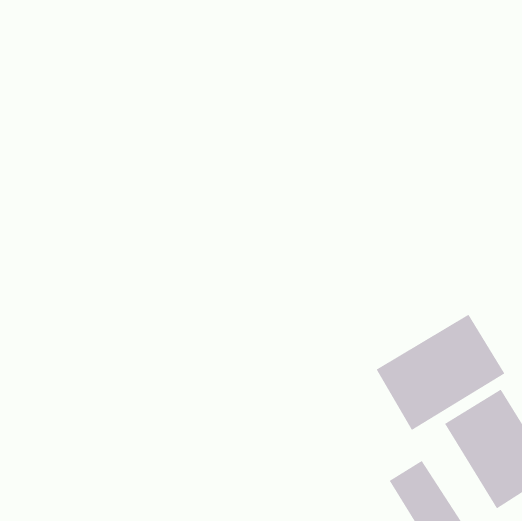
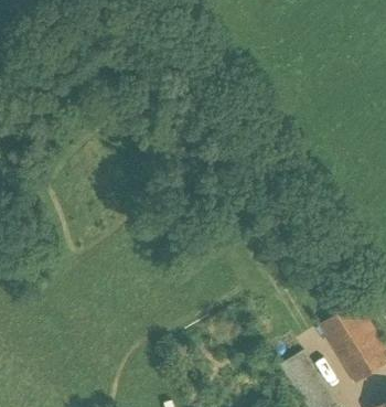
building: [376,314,505,431] -> none

